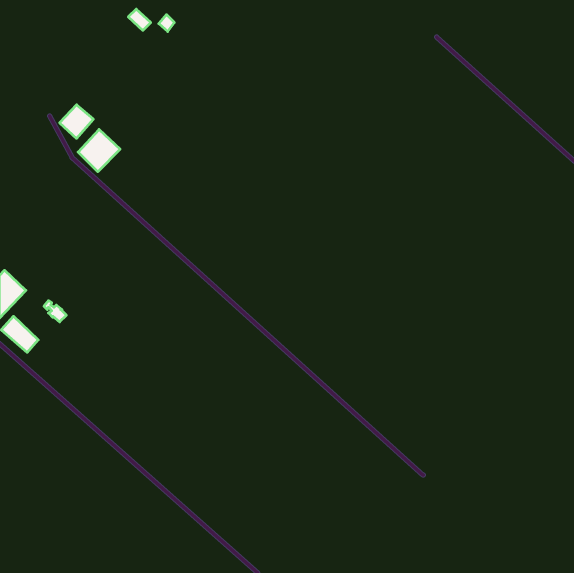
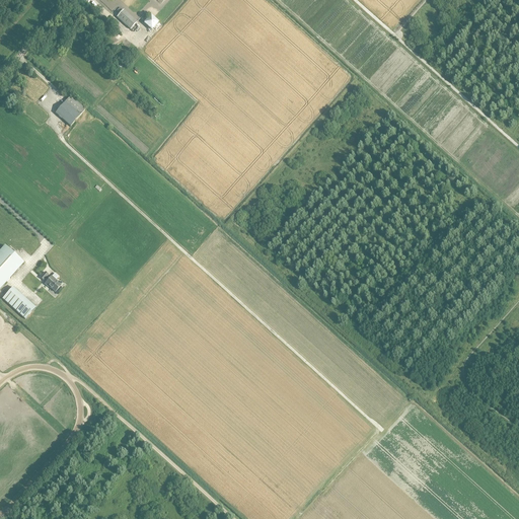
building: [78,129,120,172] -> none

